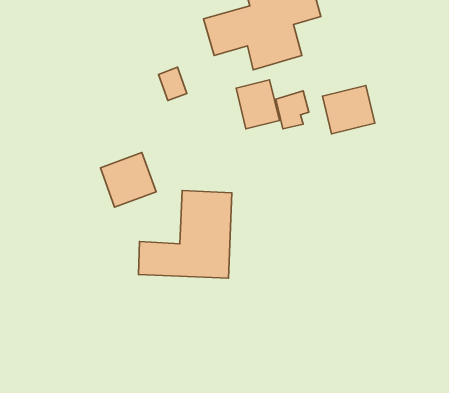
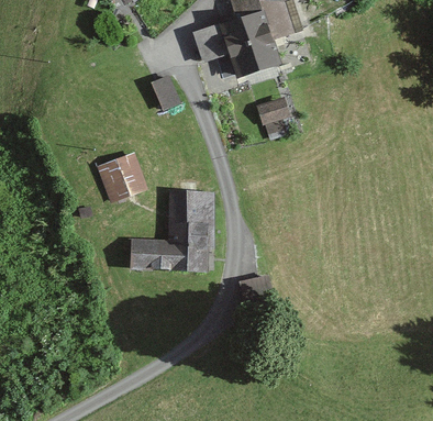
building: [236,80,279,129] -> none
building: [322,85,375,134] -> none

